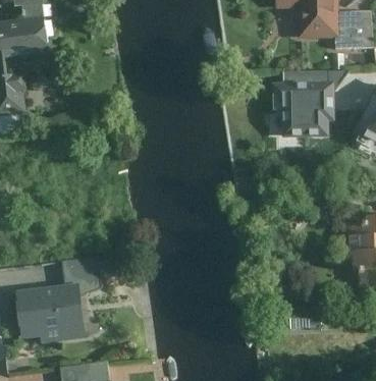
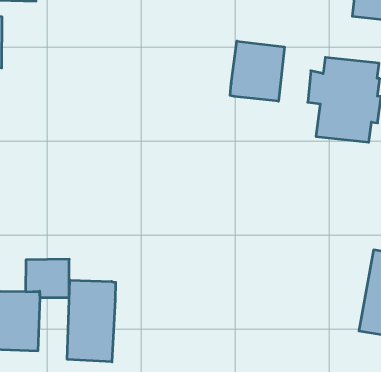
building: none -> [230,41,284,101]
building: none -> [67,280,116,362]

